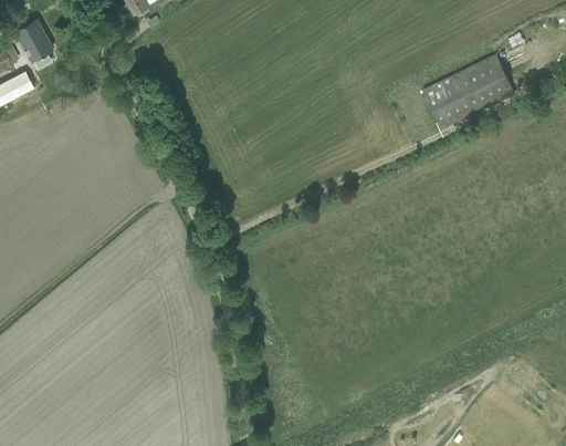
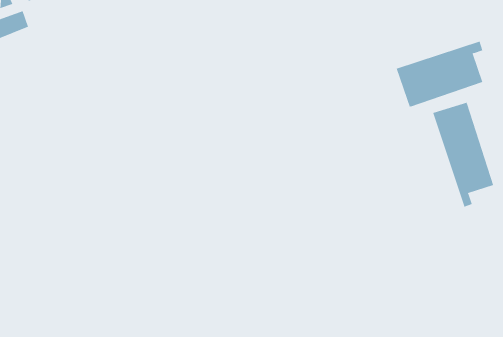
building: none -> [433,102,494,208]

